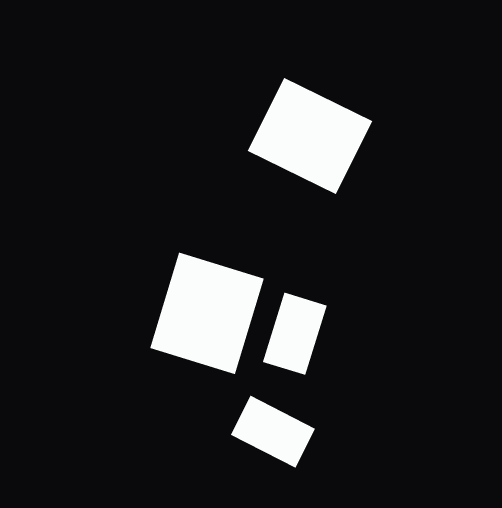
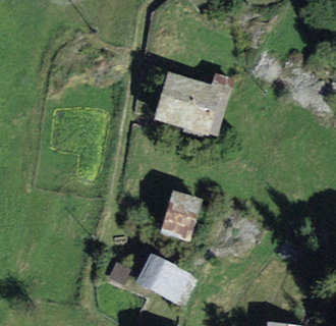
building: [149,252,265,375] -> none

